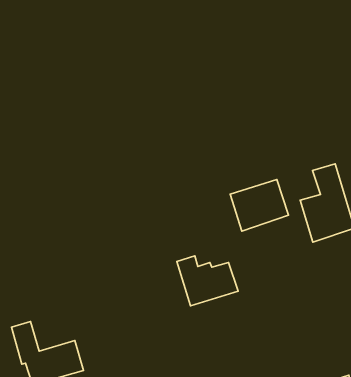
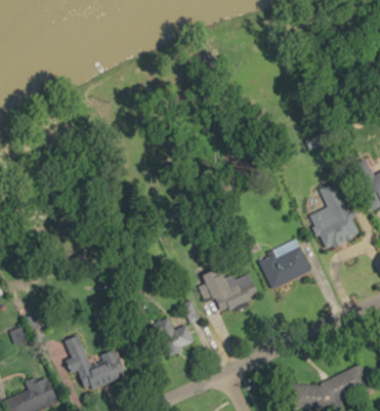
building: [230,179,289,231] -> [257,241,309,288]
building: none -> [150,318,194,357]

